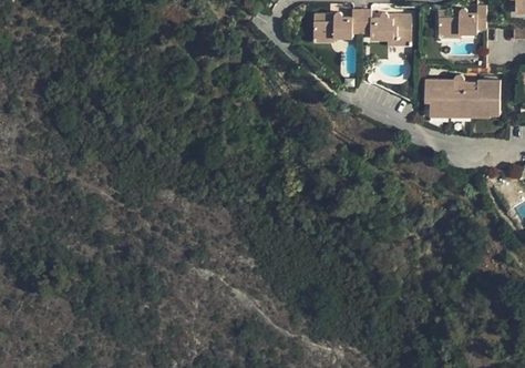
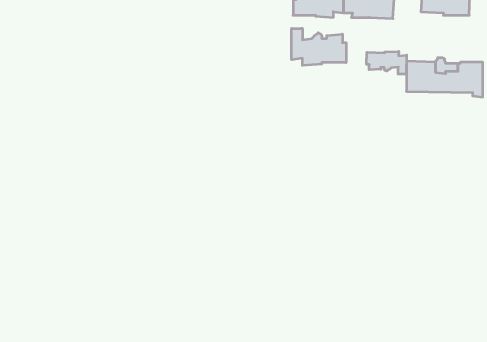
building: none -> [292,28,346,65]
building: none -> [367,51,407,74]

